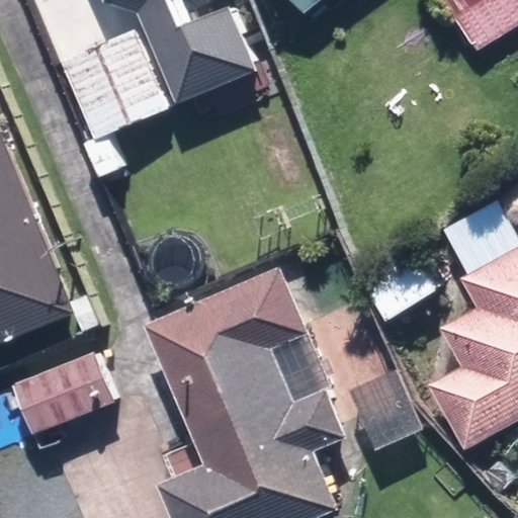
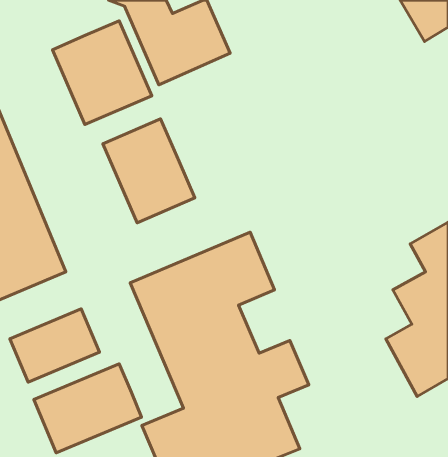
building: none -> [103,119,195,223]
building: none -> [34,364,141,453]

